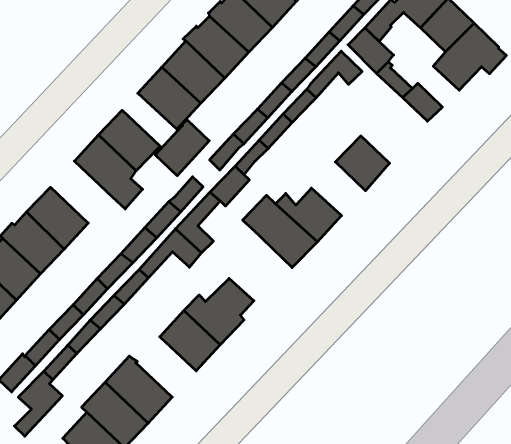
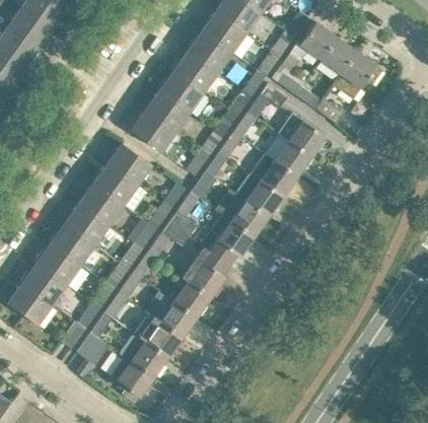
building: none -> [278,113,326,156]
building: [155,120,209,176] -> none
building: none -> [251,154,297,197]
building: none -> [79,184,123,225]
building: none -> [202,214,254,264]
building: none -> [154,297,197,338]

